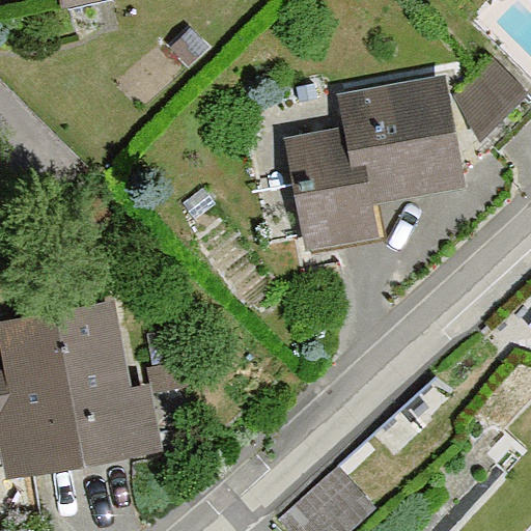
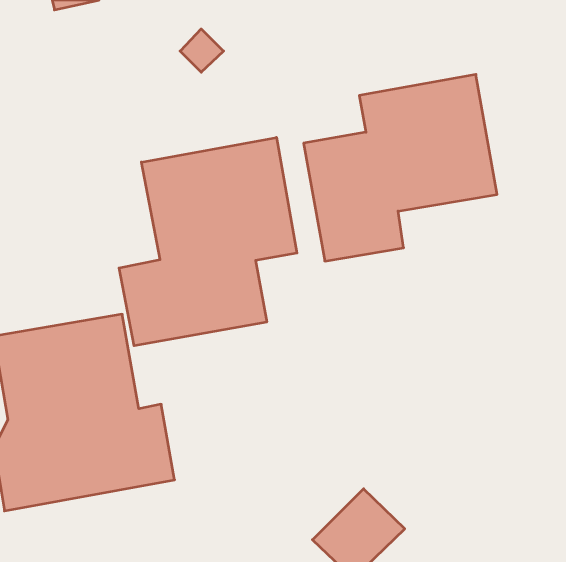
building: none -> [119,137,297,346]

